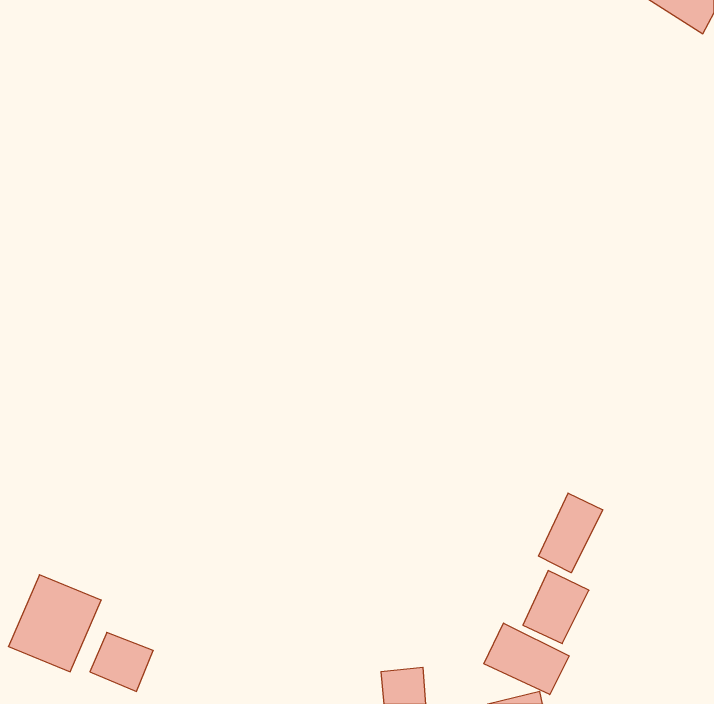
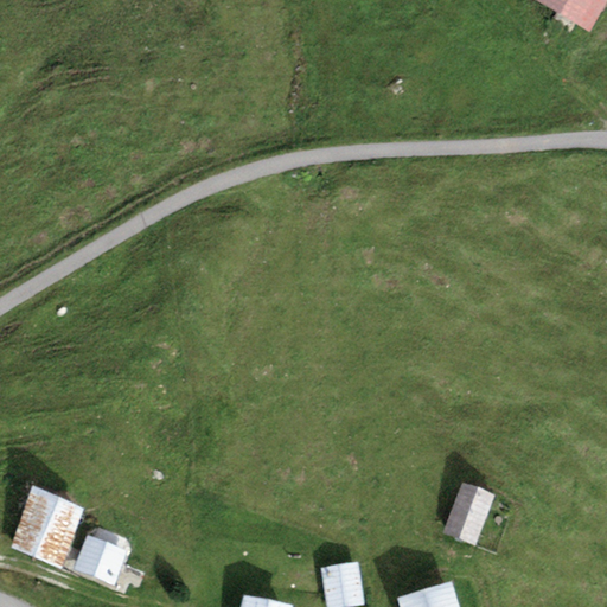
building: [538,493,603,573] -> none
building: [484,623,569,695] -> none

